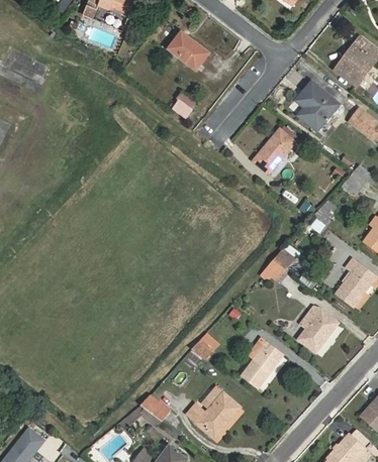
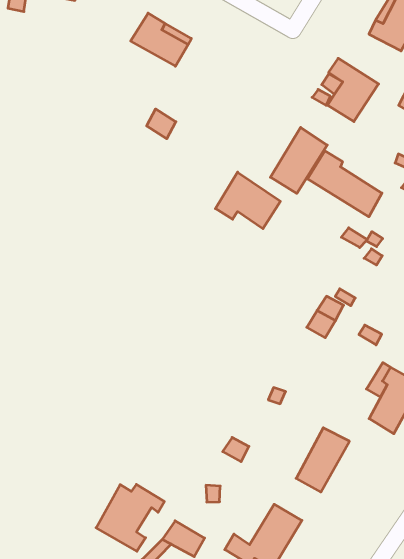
building: none -> [307,151,382,217]
building: none -> [215,172,280,229]
building: none -> [96,484,164,551]

